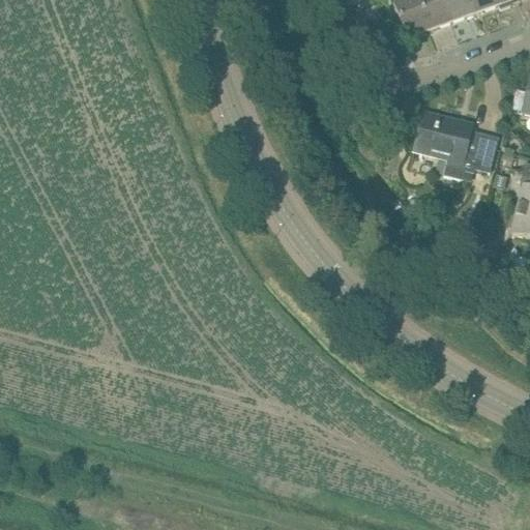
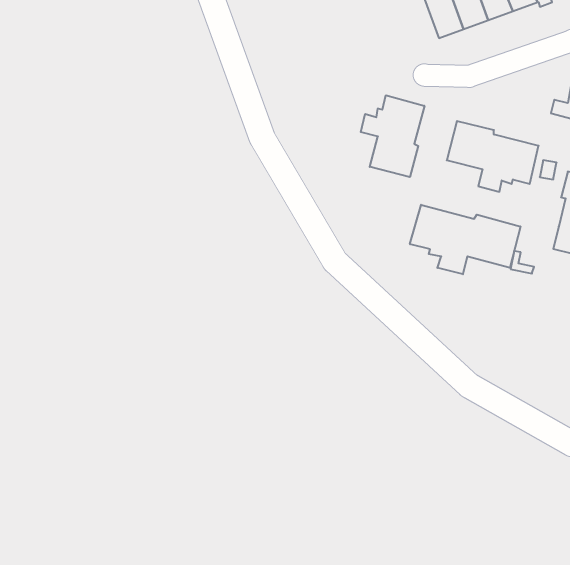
building: none -> [361,95,424,177]
building: none -> [410,205,520,274]

